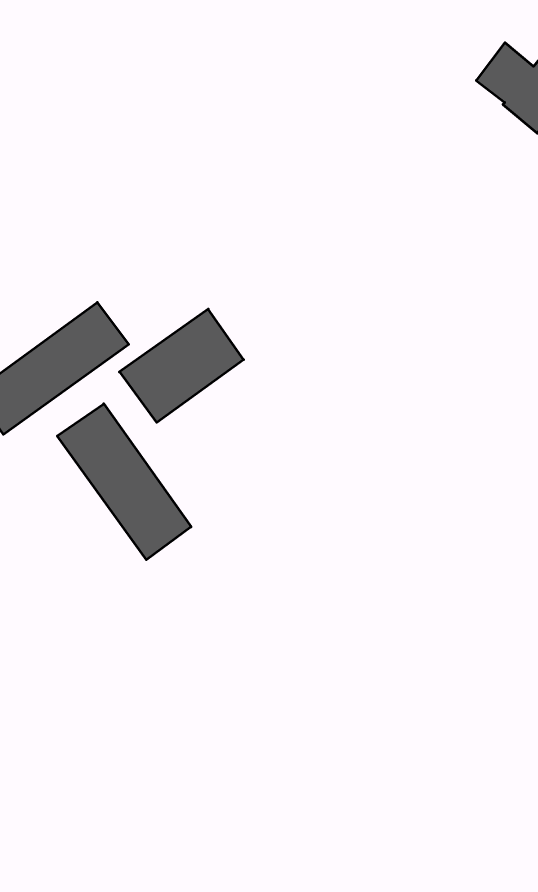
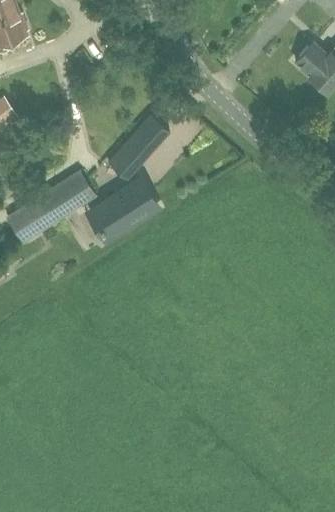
building: none -> [108,114,170,179]
building: [57,404,191,560] -> none

